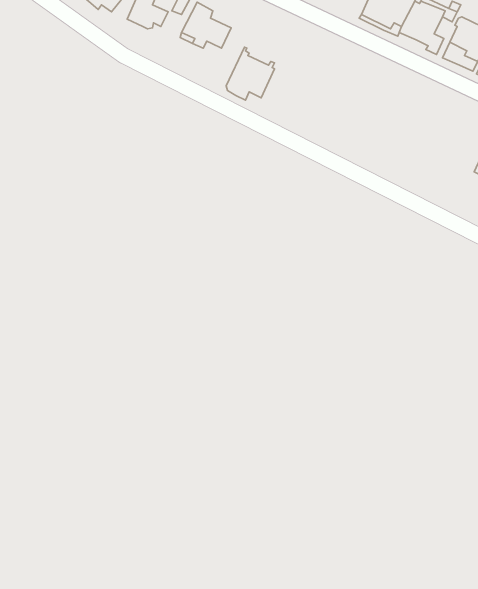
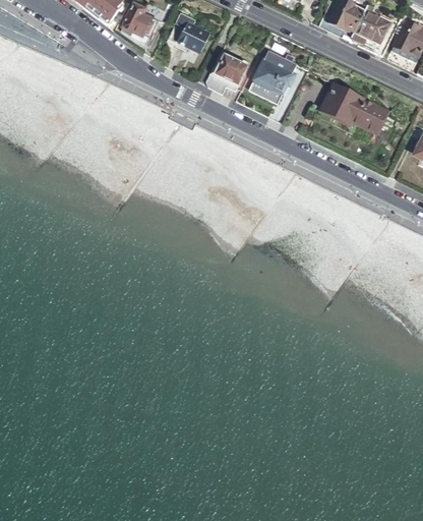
building: none -> [250,50,298,101]
building: none -> [321,83,387,132]

